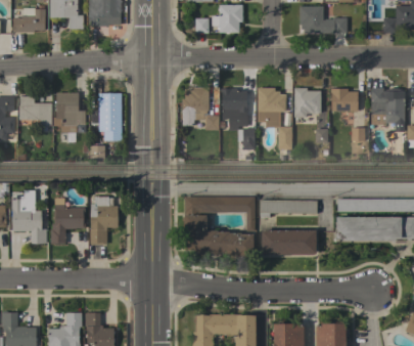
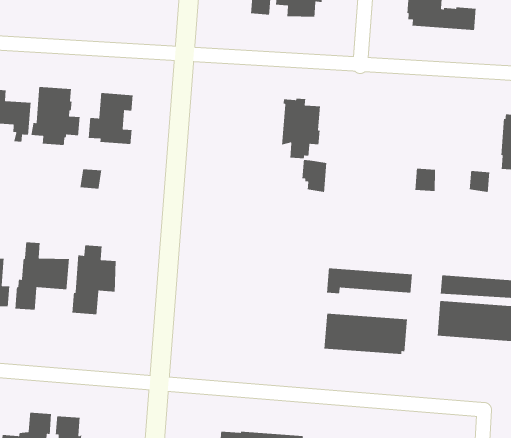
building: [183,87,219,130] -> none
building: [258,87,292,149] -> none
building: [294,88,321,117] -> none
building: [331,88,358,112] -> none
building: [184,197,255,256] -> none

